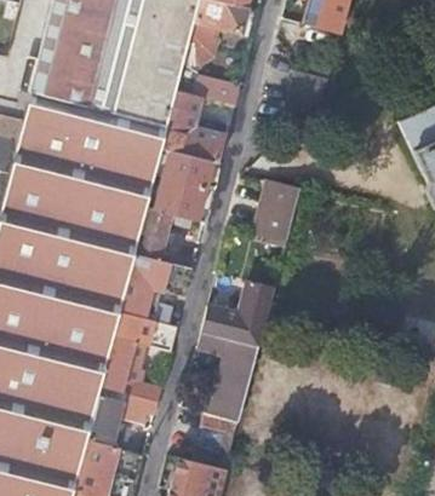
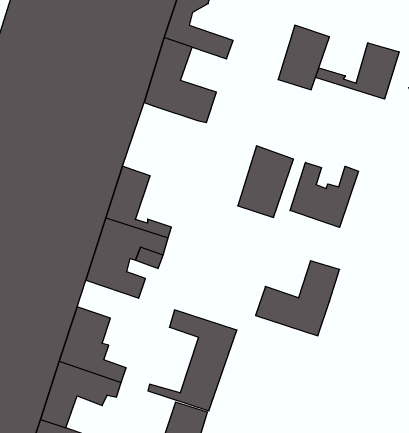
building: none -> [316,43,399,99]
building: [155,152,212,224] -> none
building: none -> [290,162,358,227]
building: [201,282,274,348] -> [256,261,340,336]
building: [114,312,177,352] -> none

